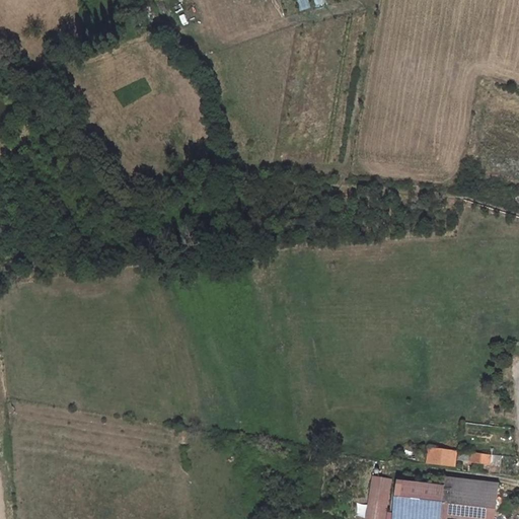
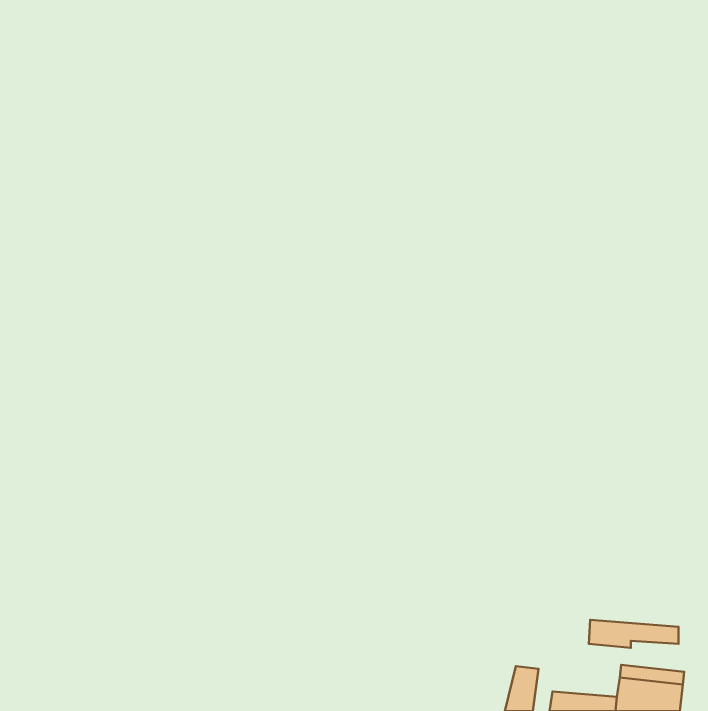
building: [399,485,448,504] -> none

